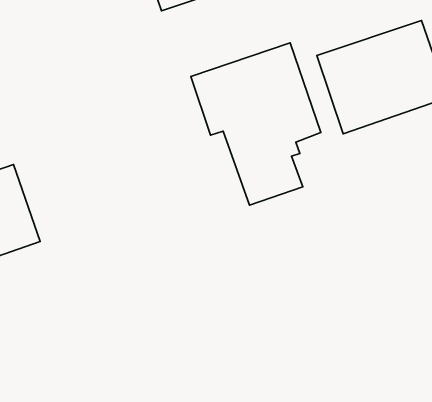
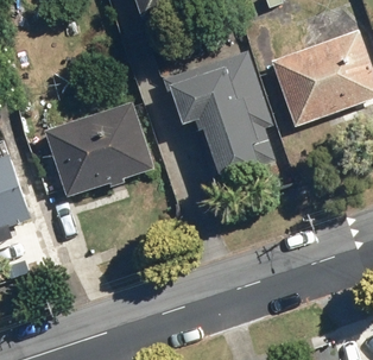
building: none -> [42,101,154,200]

